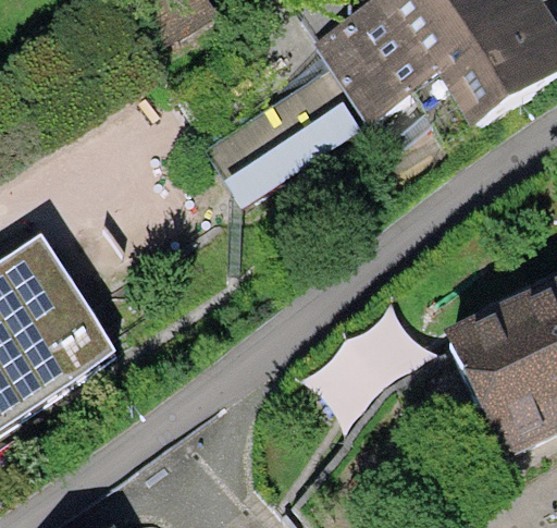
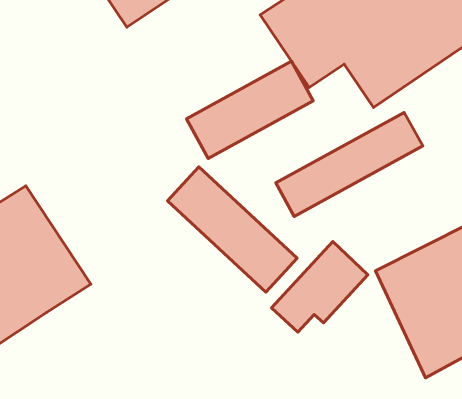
building: none -> [276,112,423,217]
building: none -> [167,167,297,292]

